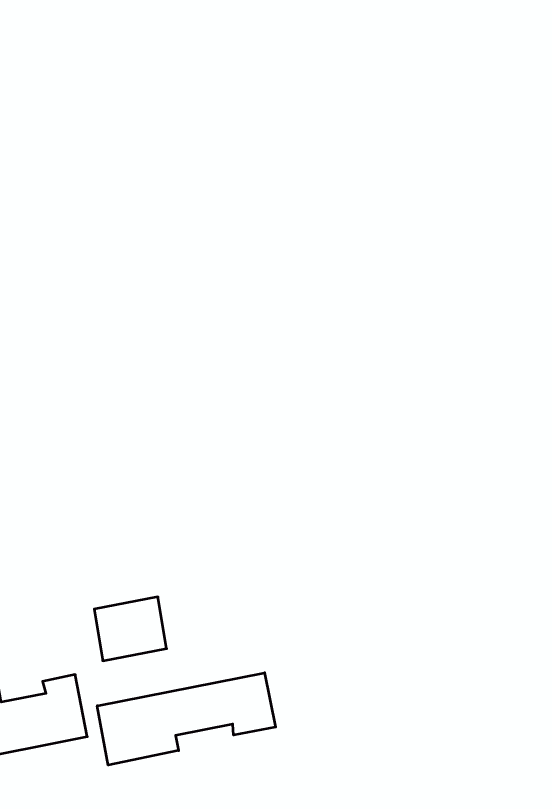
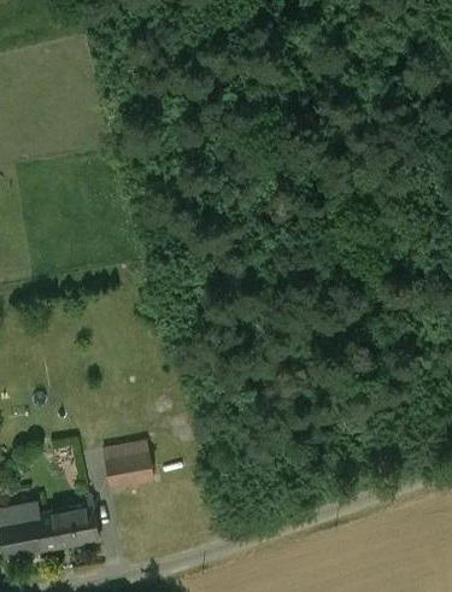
building: [97,673,276,765] -> none

